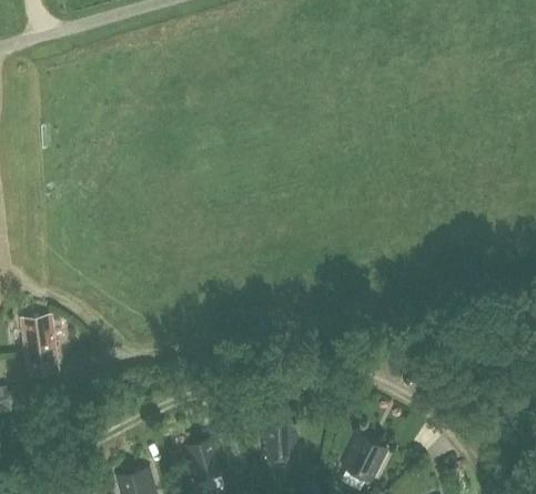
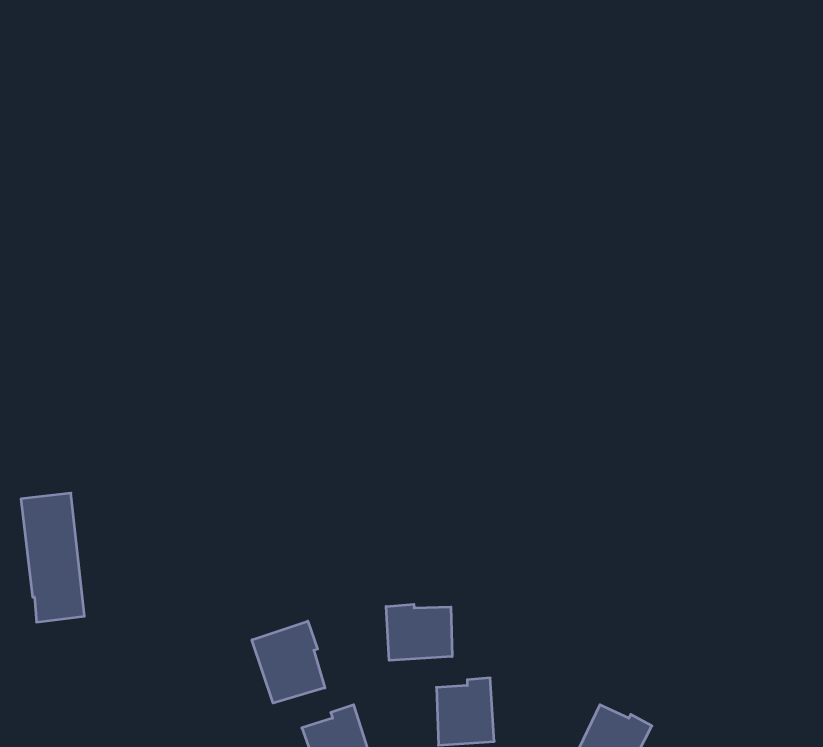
building: none -> [386,604,452,660]
building: none -> [252,621,325,703]

